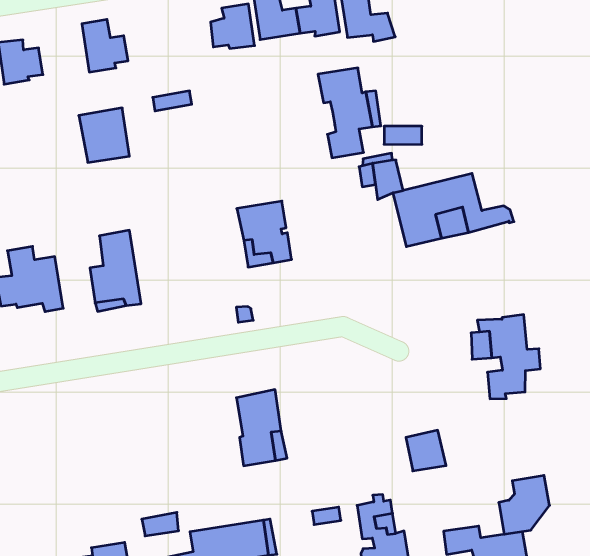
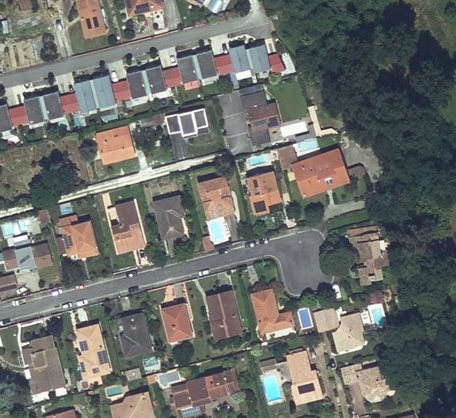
building: none -> [119,66,147,99]
building: none -> [145,65,174,94]
building: none -> [68,83,96,111]
building: none -> [165,107,209,138]
building: none -> [248,170,280,214]
building: none -> [154,196,183,238]
building: none -> [252,289,293,331]
building: none -> [162,302,192,341]
building: none -> [122,313,151,355]
building: none -> [77,324,109,376]
building: [499,475,550,534] -> [333,313,364,351]

